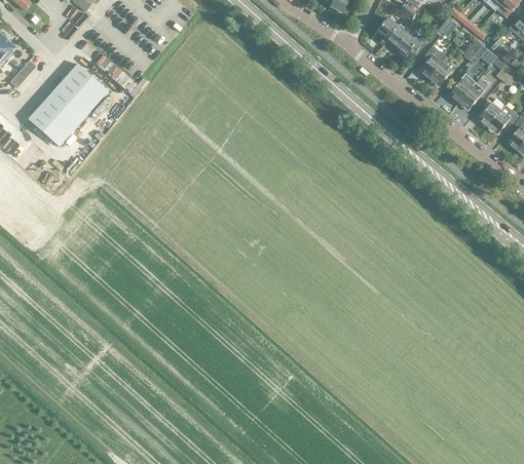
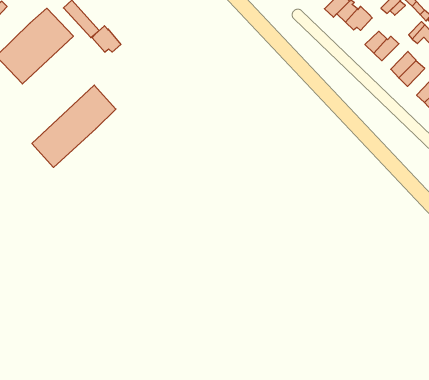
building: none -> [92,26,121,52]
building: none -> [32,85,116,167]

